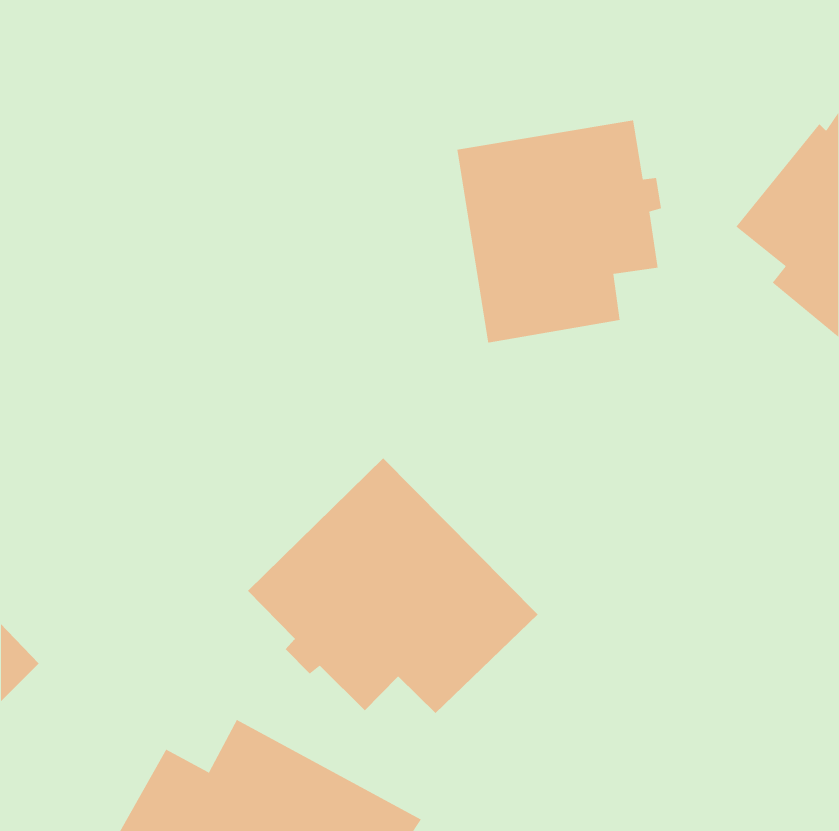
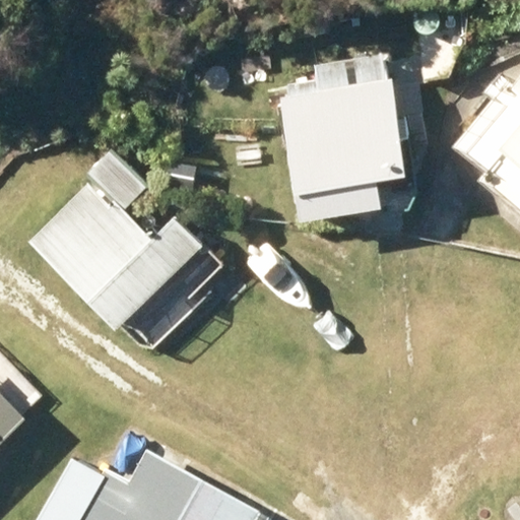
building: none -> [29,183,222,346]
building: [247,457,538,714] -> none

